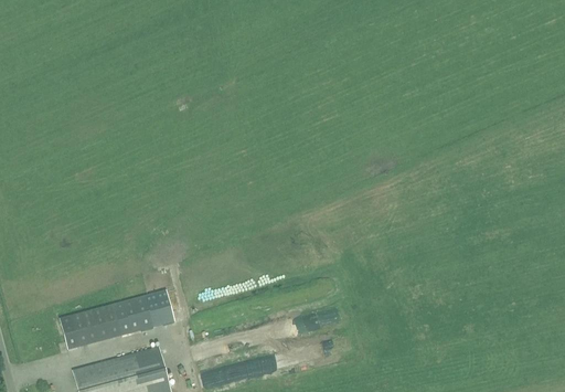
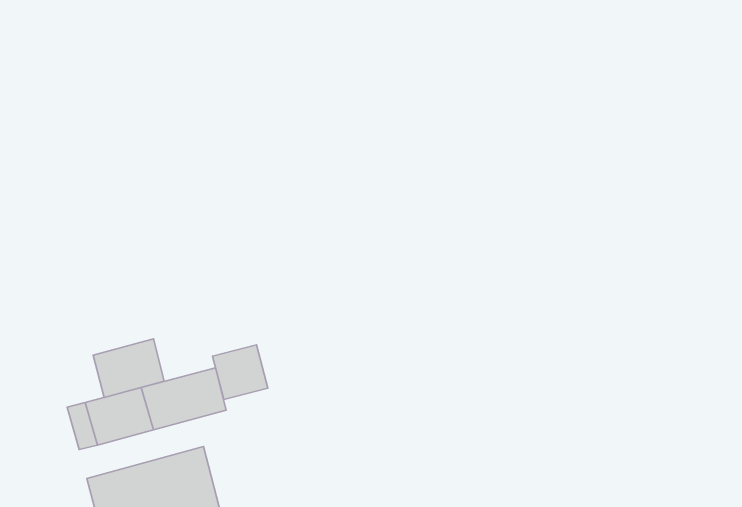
building: none -> [93,339,164,398]
building: none -> [212,345,268,399]

